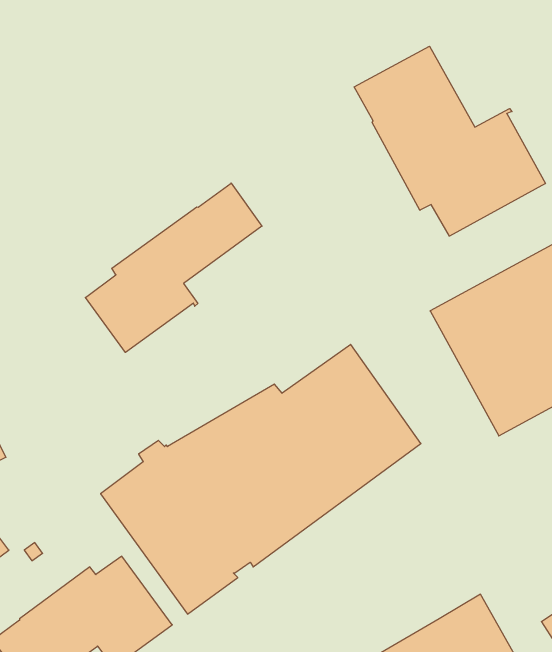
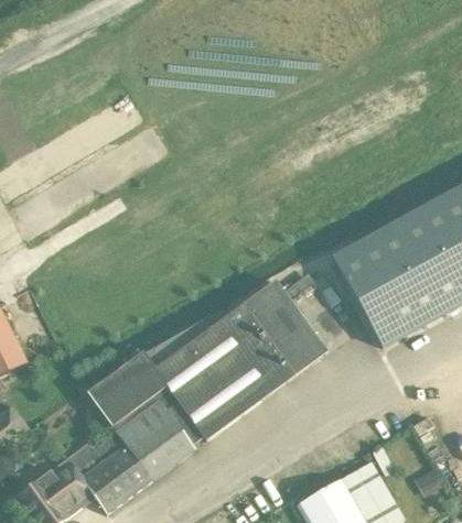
building: [354,46,545,236] -> none
building: [85,183,262,352] -> none

